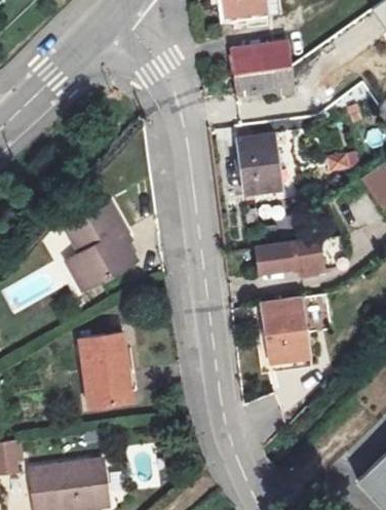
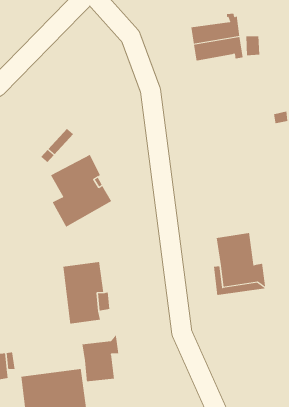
building: [236,133,281,193] -> none
building: [256,238,318,272] -> none
building: none -> [82,334,119,382]

